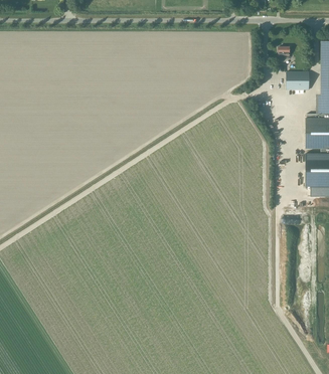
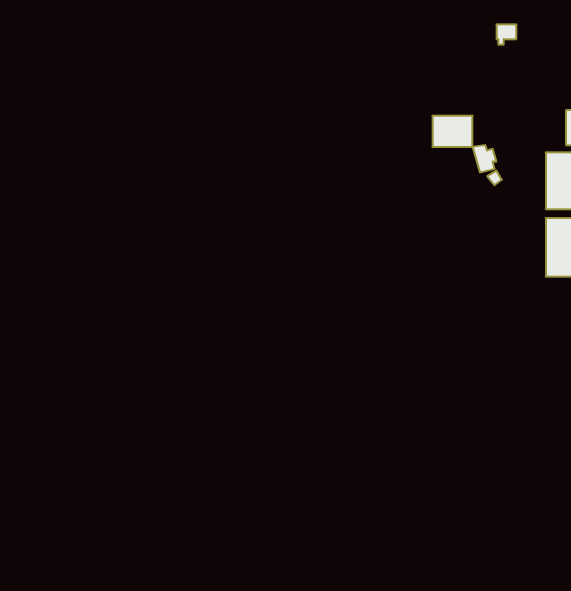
building: [288,72,310,89] -> [432,116,473,147]

